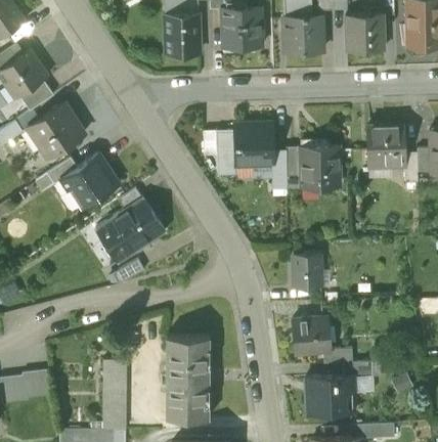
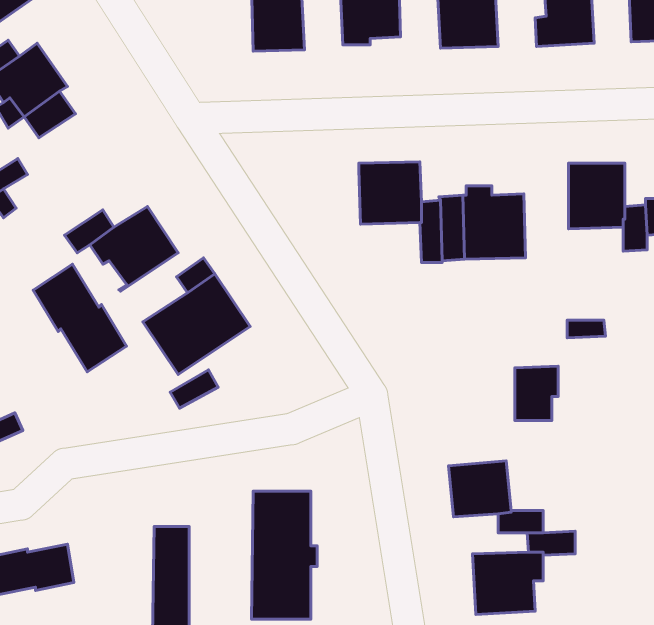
building: [30,104,84,157] -> none
building: [216,131,235,173] -> none
building: none -> [33,264,127,372]
building: [294,254,321,289] -> [515,366,558,421]

